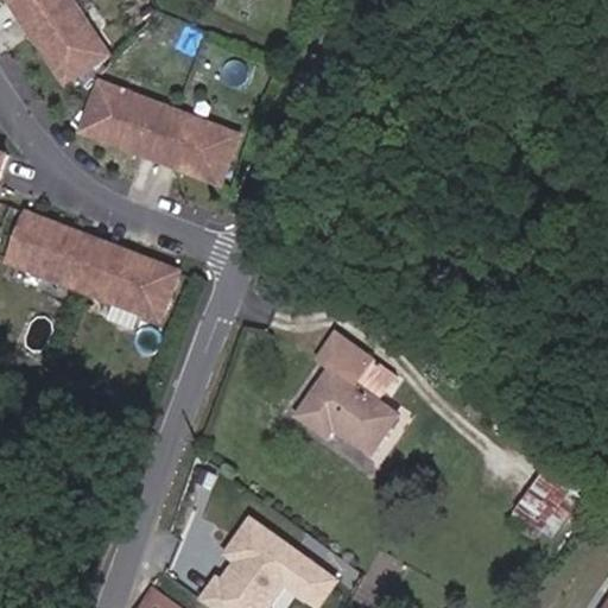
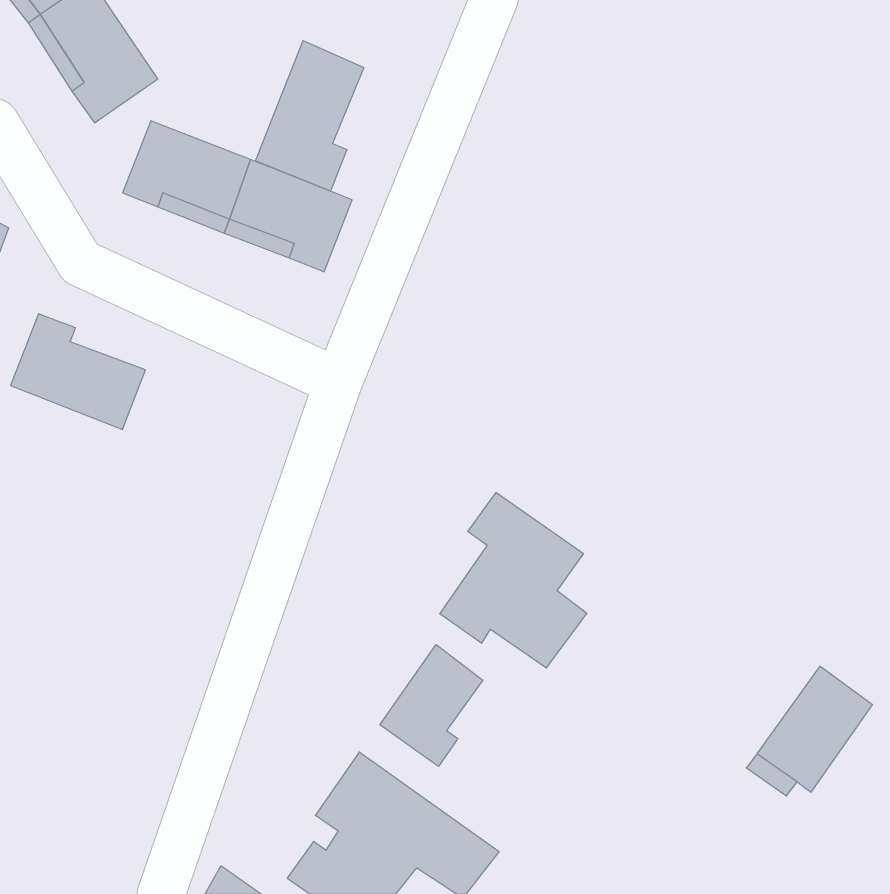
building: none -> [255,41,364,191]
building: [83,251,178,319] -> none
building: none -> [380,645,483,766]

